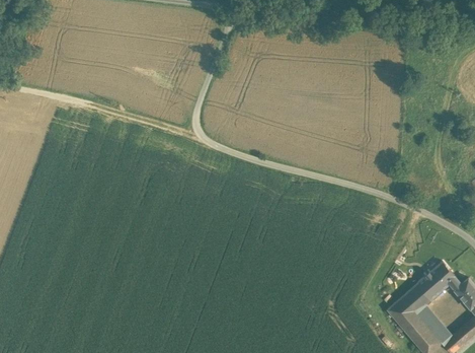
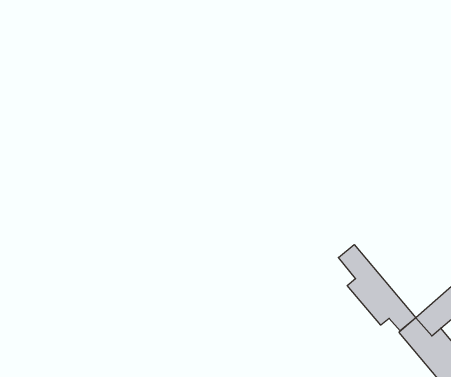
building: none -> [338,245,416,331]

